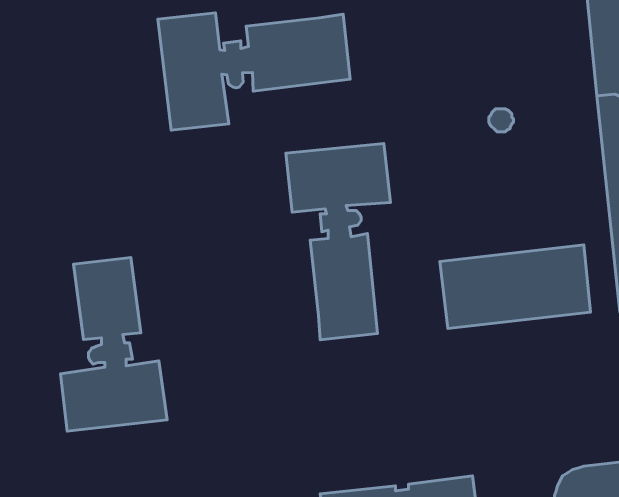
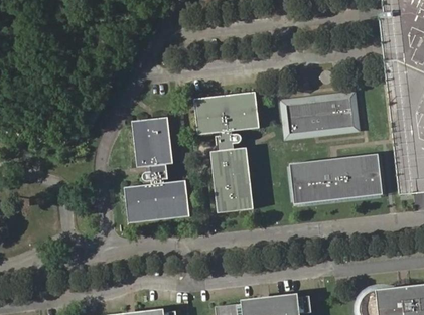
building: [158,13,350,130] -> none
building: none -> [280,90,361,140]
building: [61,258,167,431] -> [126,117,191,223]

